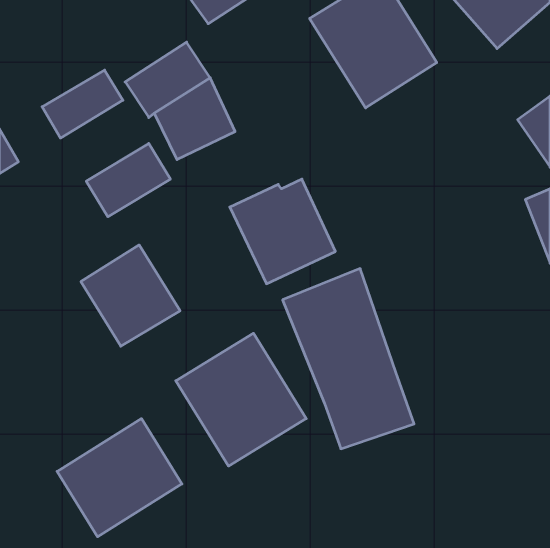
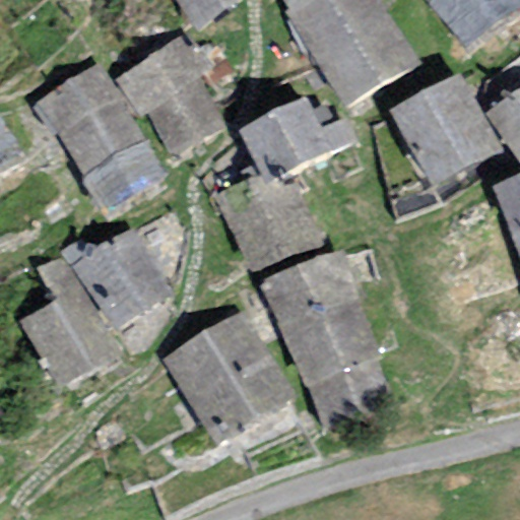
building: none -> [391,72,497,181]
building: none -> [57,94,140,171]
building: none -> [242,100,351,178]
building: none -> [22,254,116,384]
building: [57,419,182,537] -> none

